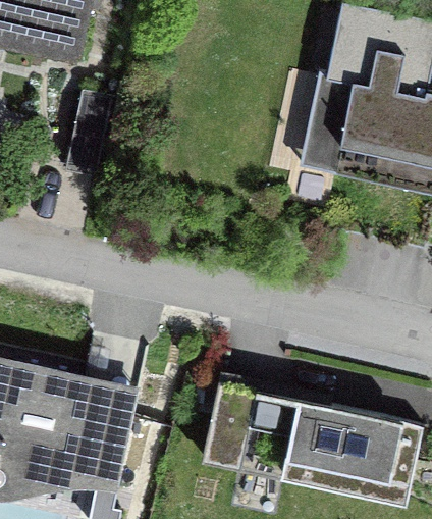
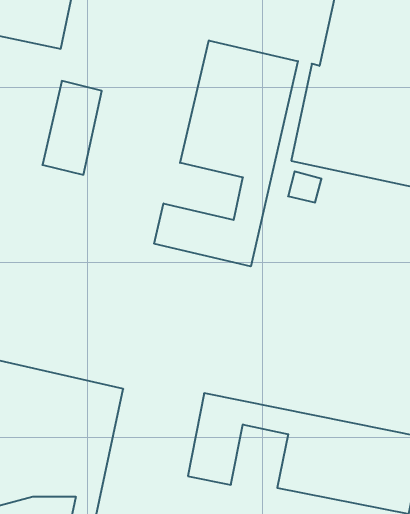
building: none -> [154,40,298,266]

